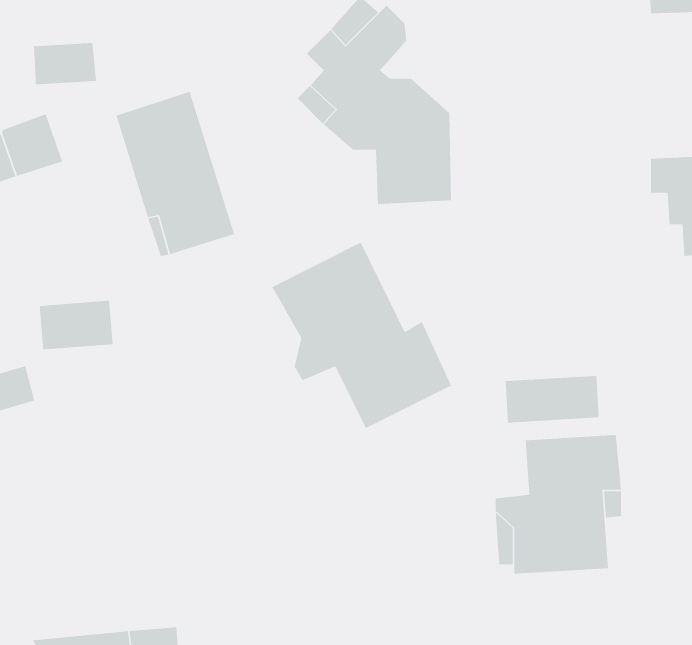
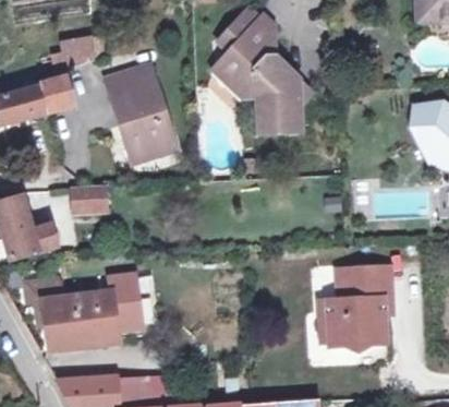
building: [271,241,452,429] -> none
building: [505,375,600,423] -> none
building: none -> [45,276,133,350]

